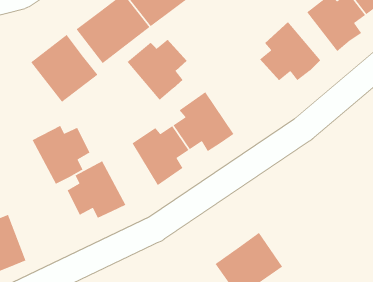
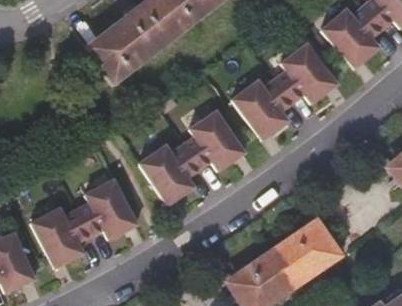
building: [30,34,99,103] -> none
building: [126,39,187,101] -> [230,77,291,139]
building: [32,125,91,185] -> [32,206,91,266]
building: none -> [271,220,340,285]

